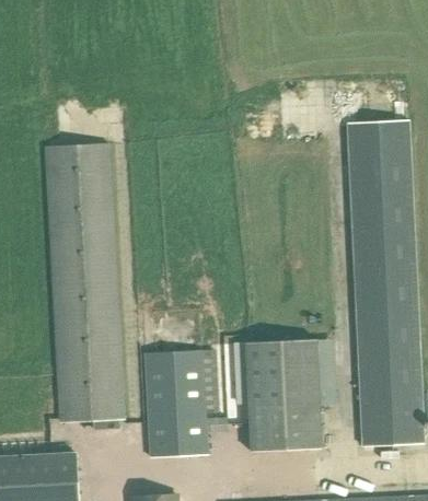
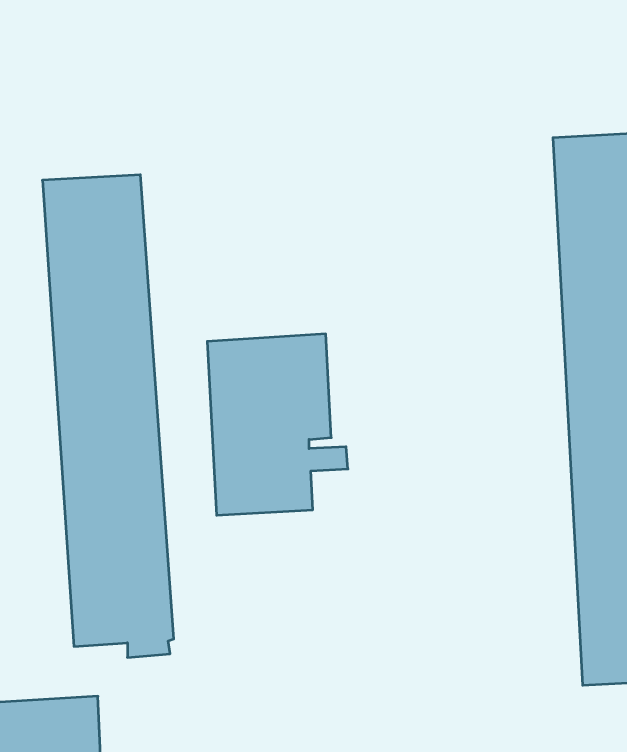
building: [235,339,323,452] -> none
building: [147,350,230,457] -> [207,334,348,515]

